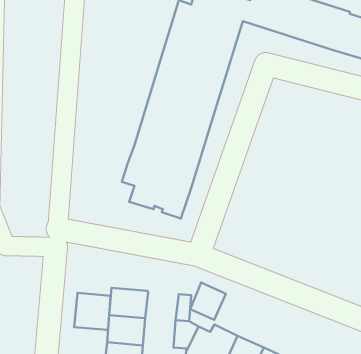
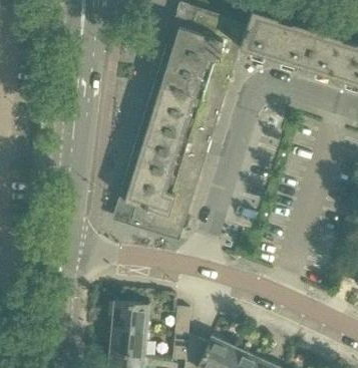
building: [190,283,226,320] -> none
building: [74,293,110,330] -> none

